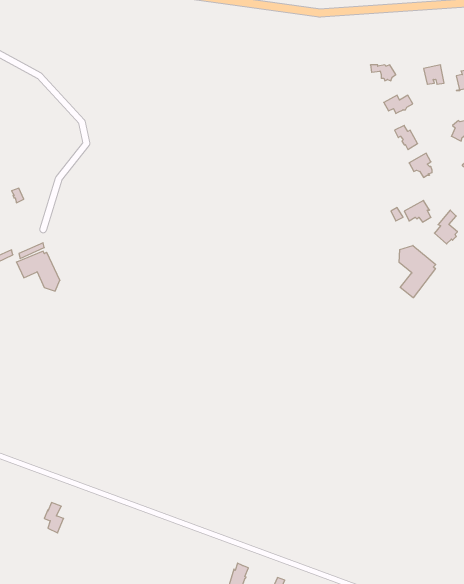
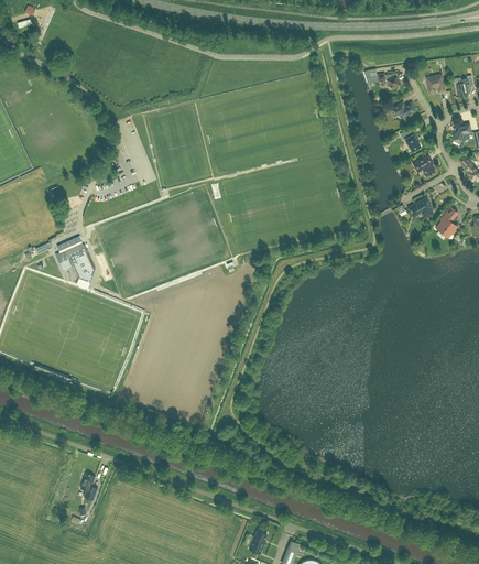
building: [399,245,436,298] -> none

